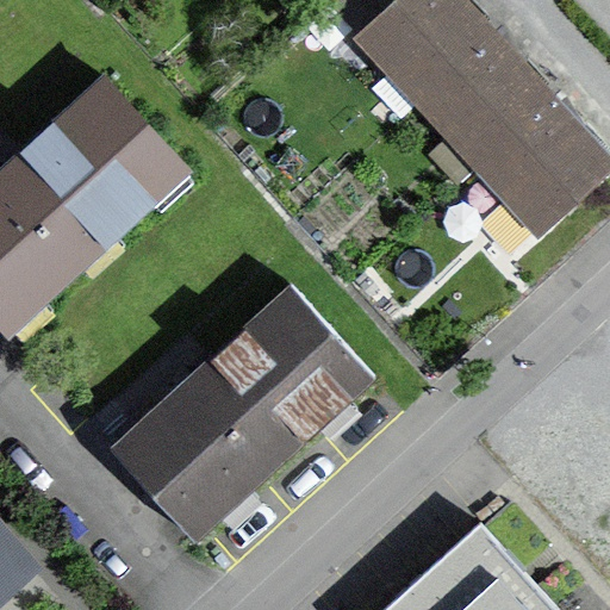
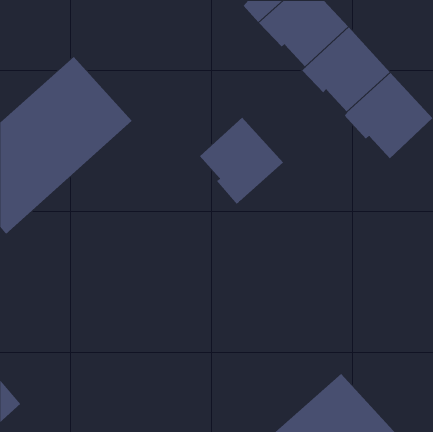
building: none -> [199,117,284,205]
building: [113,291,371,539] -> none

